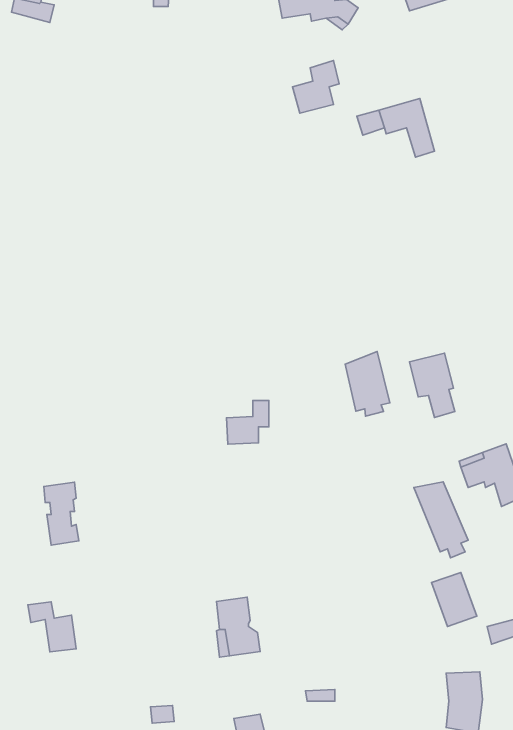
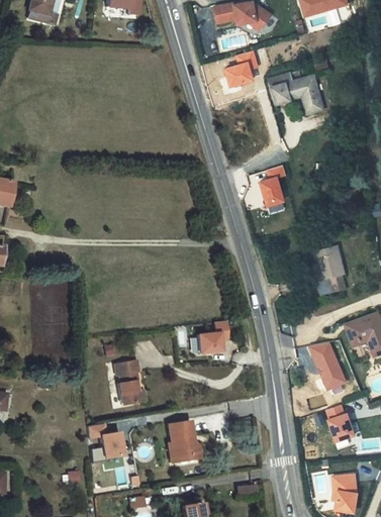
building: none -> [256,168,282,208]
building: [345,352,390,416] -> none
building: [226,400,269,444] -> [200,323,229,353]
building: [44,482,79,545] -> [116,359,140,403]
building: [28,602,76,652] -> [91,422,124,456]

